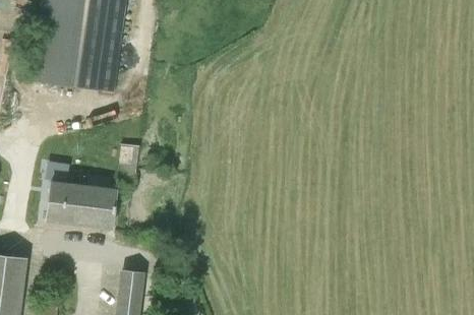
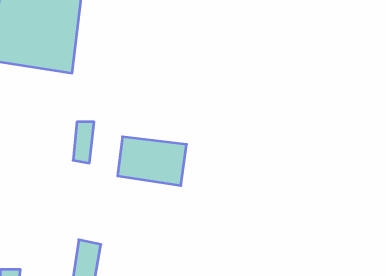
building: [47,180,120,232] -> [118,137,187,186]

